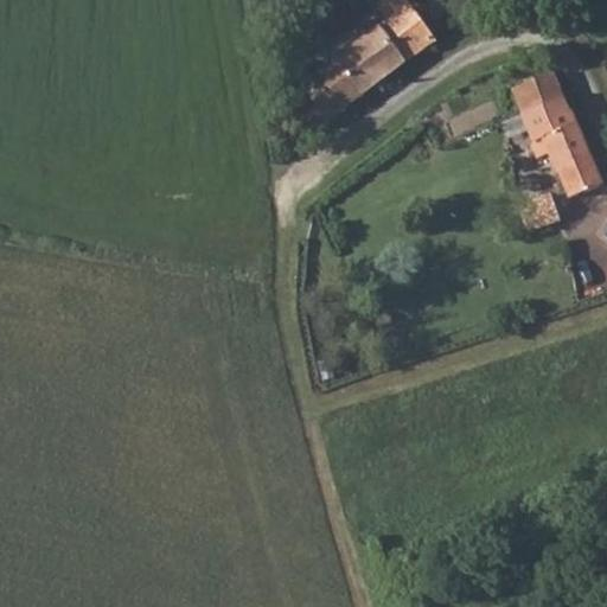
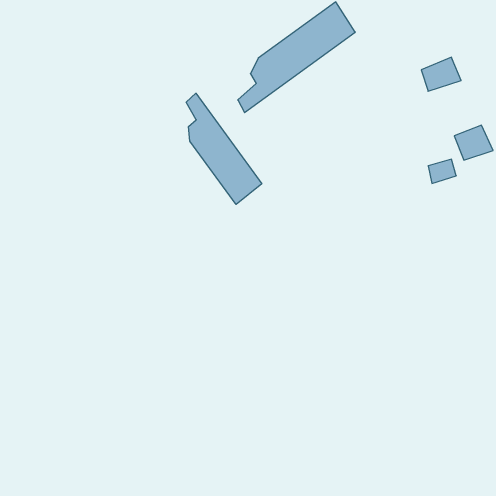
building: [523,98,588,166] -> none
building: none -> [186,93,262,204]

